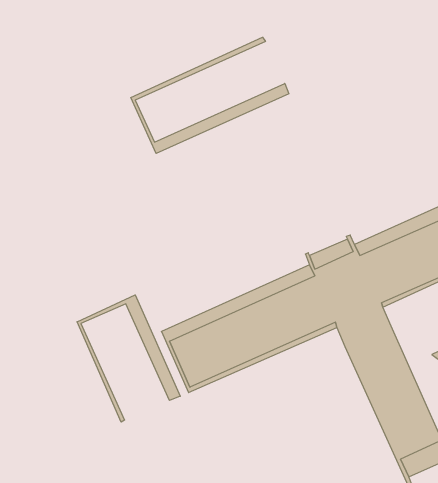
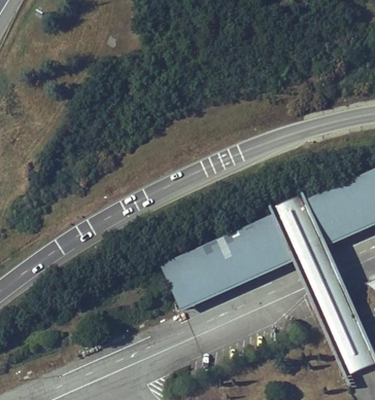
building: [131,37,289,153] -> none
building: [77,295,180,422] -> none

